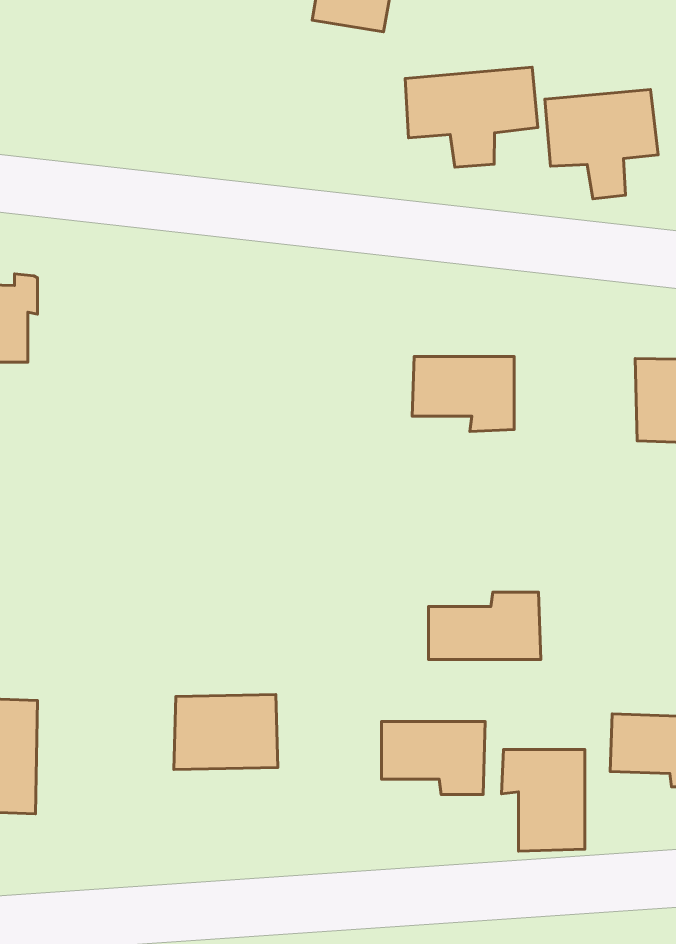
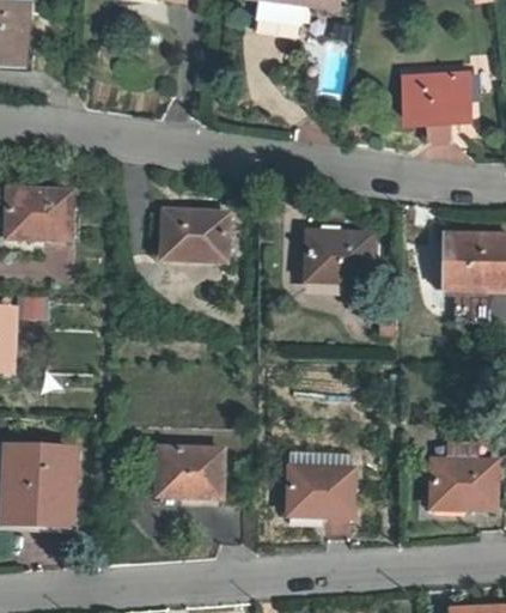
building: [405,67,538,167] -> none
building: none -> [167,210,227,257]
building: [428,592,541,660] -> none
building: [501,750,585,851] -> none

